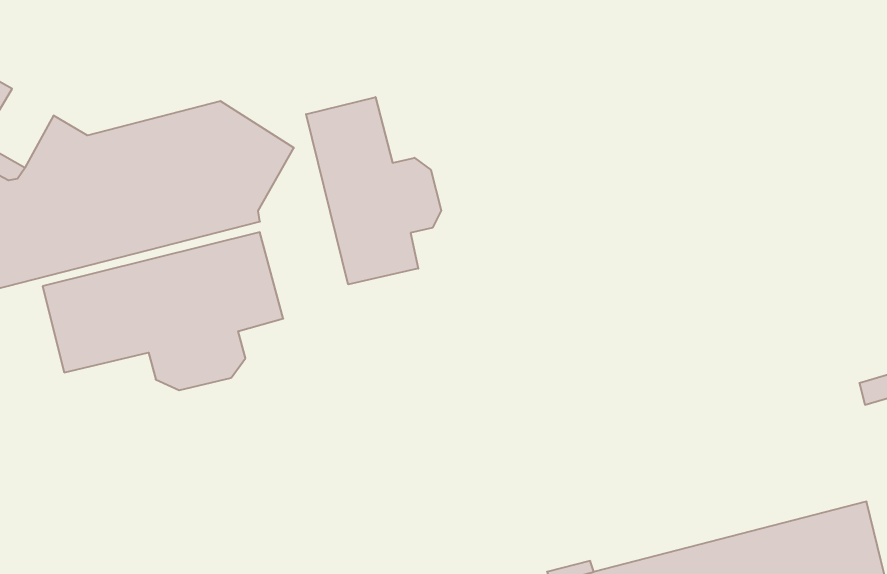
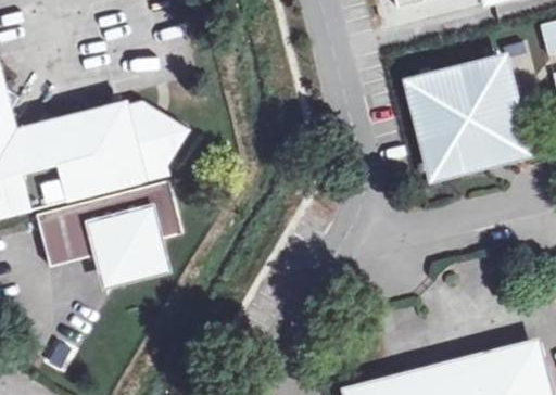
building: none -> [410,60,525,174]
building: [306,97,441,284] -> none

